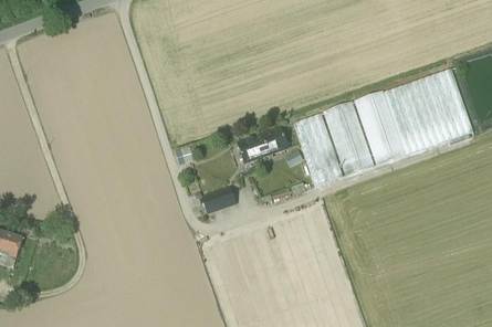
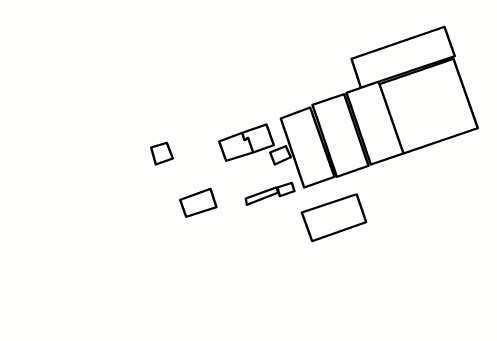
building: none -> [351,27,455,87]
building: none -> [302,194,366,241]

